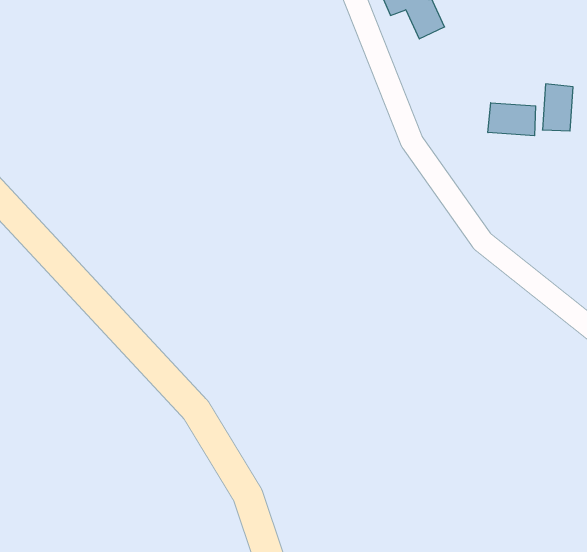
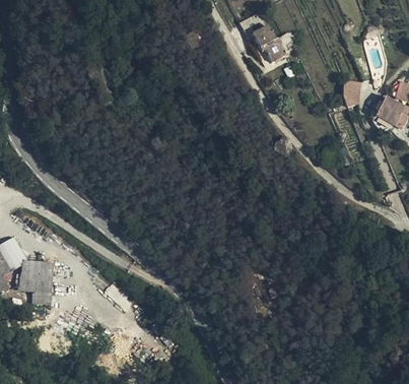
building: [488,103,536,136] -> none

